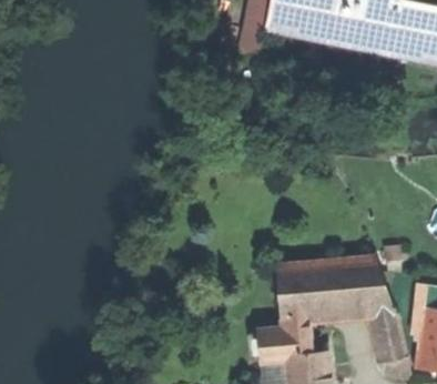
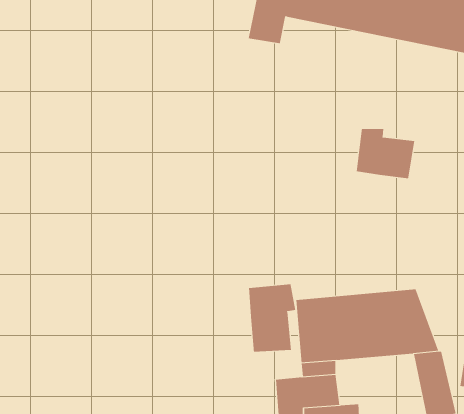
building: none -> [356,128,415,179]
building: none -> [248,284,296,352]

